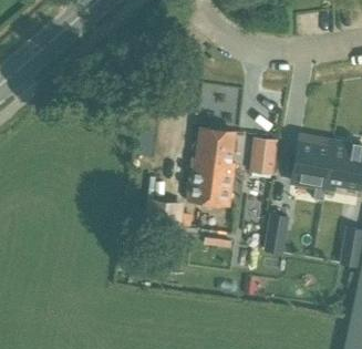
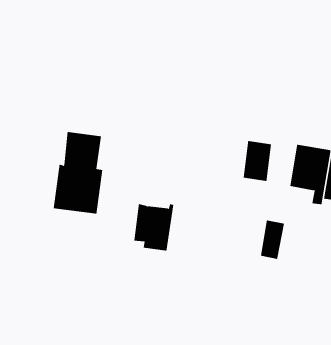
building: [188,127,236,206] -> [53,131,103,214]

